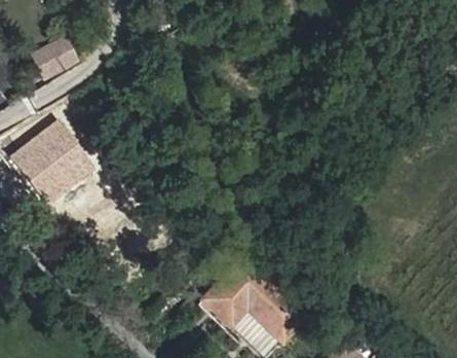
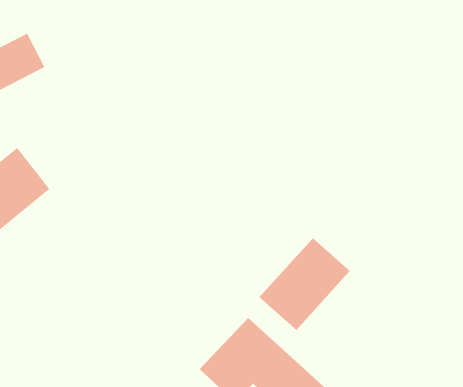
building: none -> [259,237,351,331]

